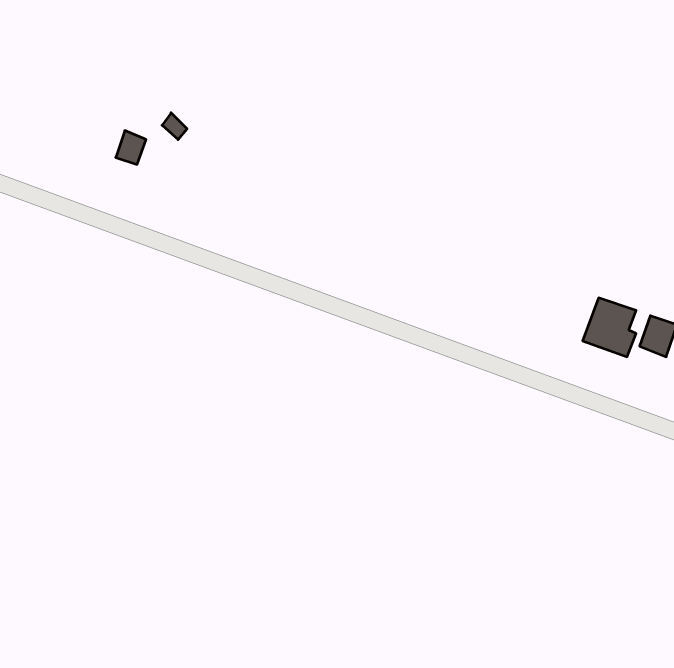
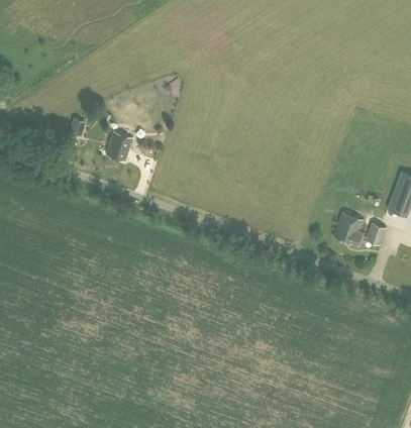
building: none -> [105,131,131,160]

